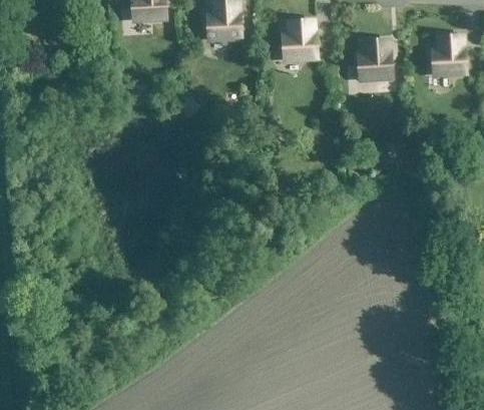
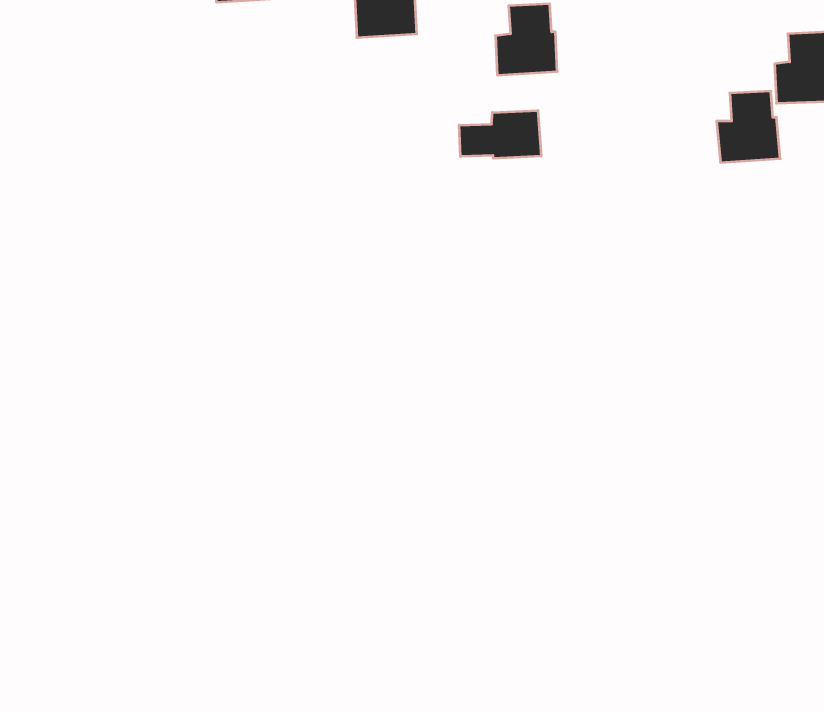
building: [356,42,390,80] -> [717,91,780,162]
building: none -> [459,110,541,158]

